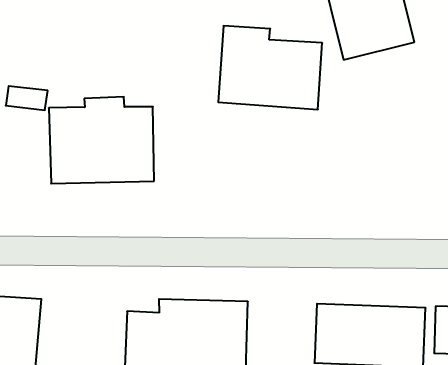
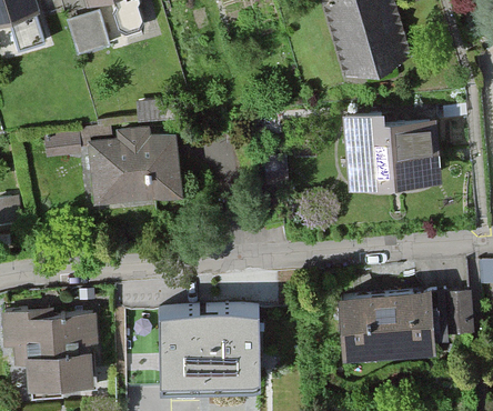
building: [218,26,322,109] -> [346,112,437,182]

